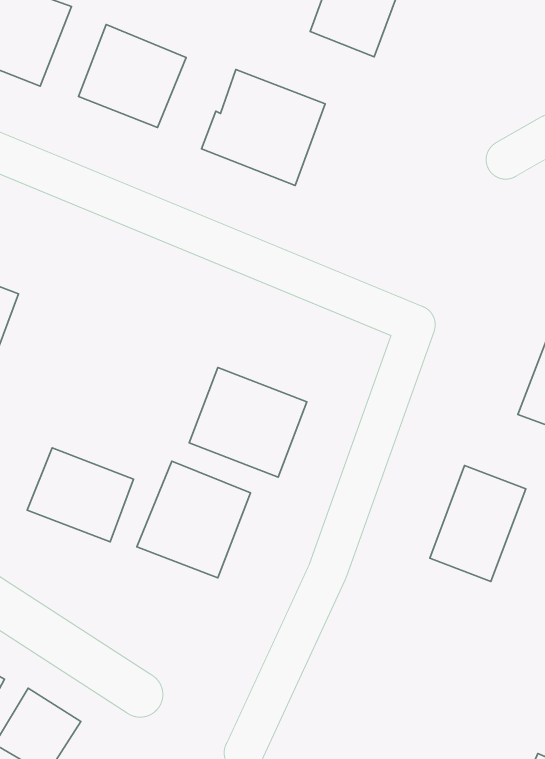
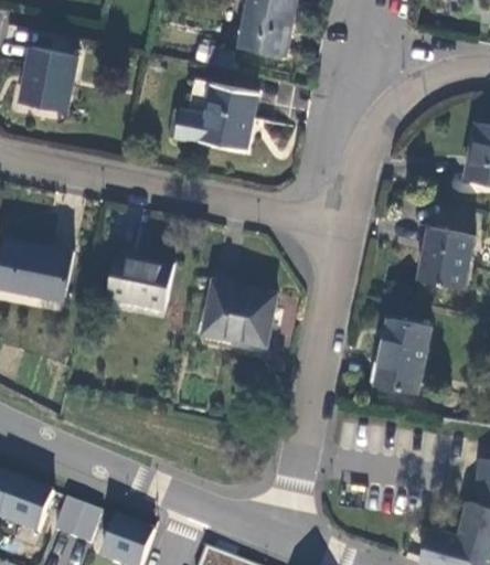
building: [78,25,186,127] -> none
building: [27,448,133,542] -> [106,253,173,309]
building: [137,461,250,578] -> none

